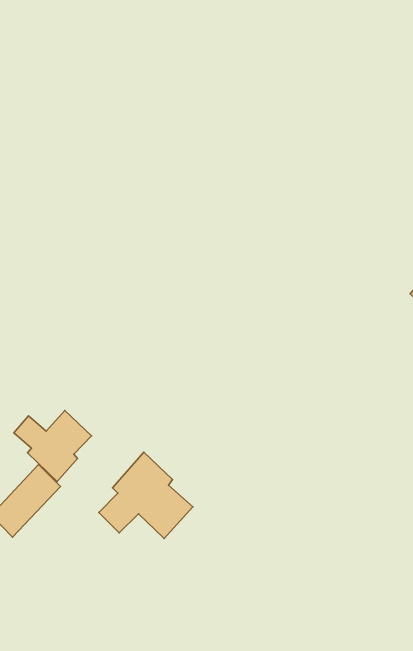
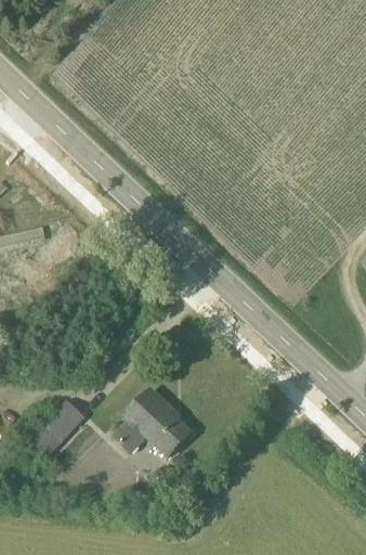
building: [14,411,92,481] -> none

